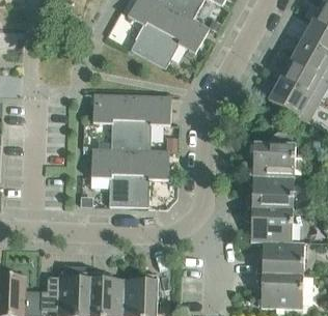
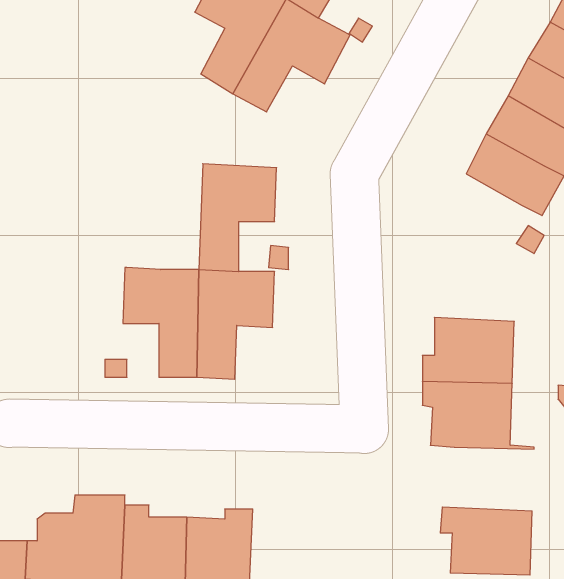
building: [92,93,132,149] -> none
building: [248,131,295,176] -> none
building: [256,241,304,275] -> none

